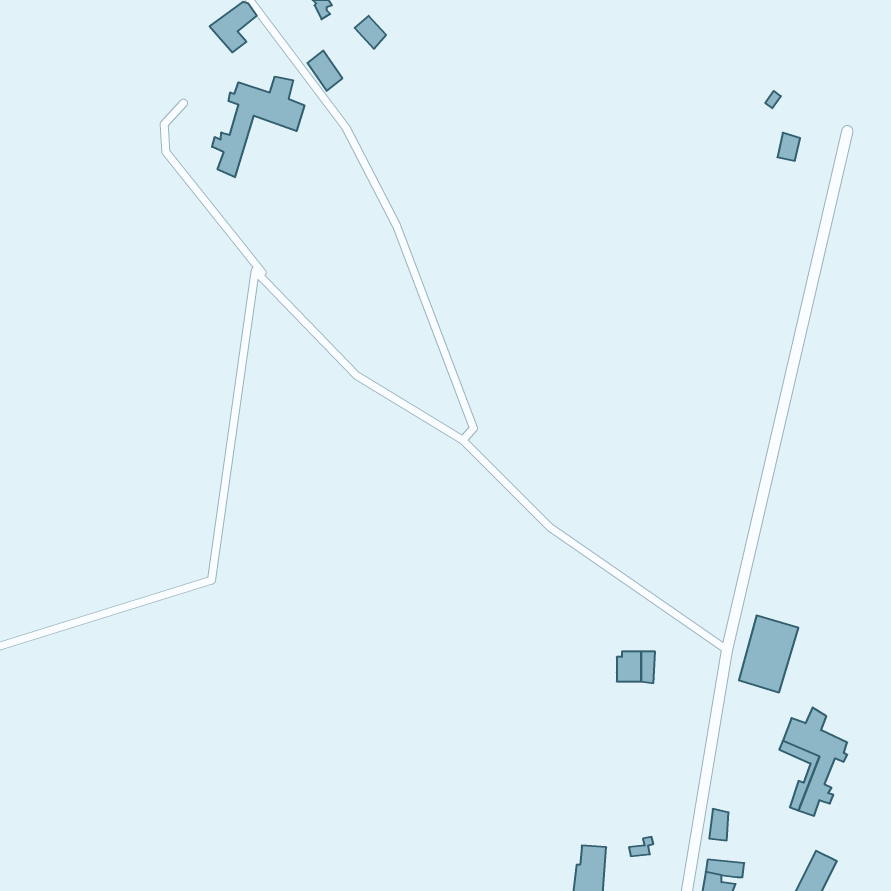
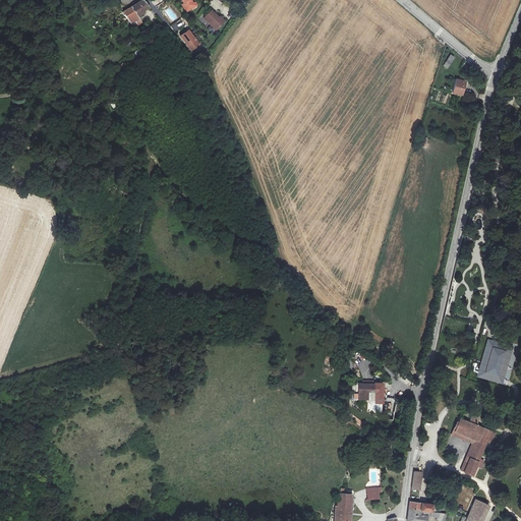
building: [212,77,304,177] -> none
building: [739,616,798,692] -> [475,340,510,385]

